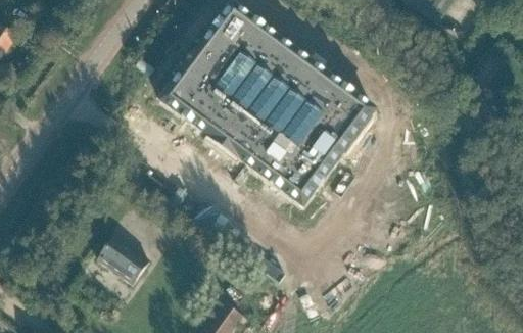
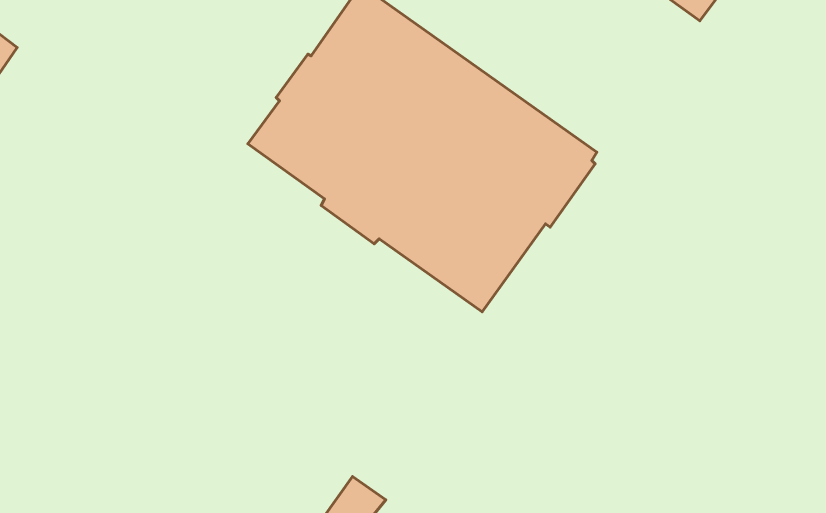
building: [98,234,150,283] -> none

